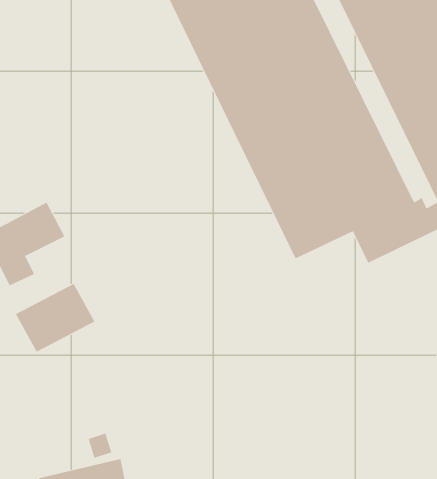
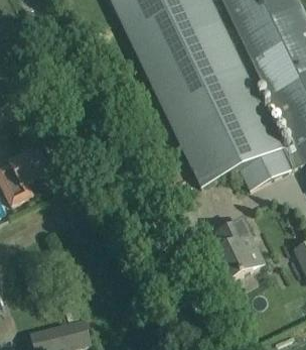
building: [15,283,95,352] -> none
building: none -> [214,220,257,279]

